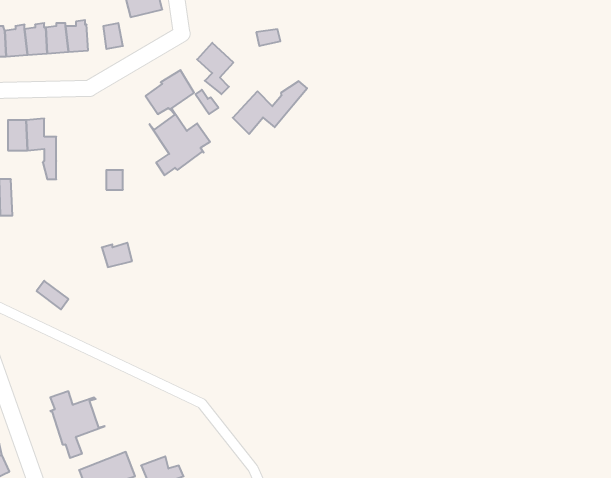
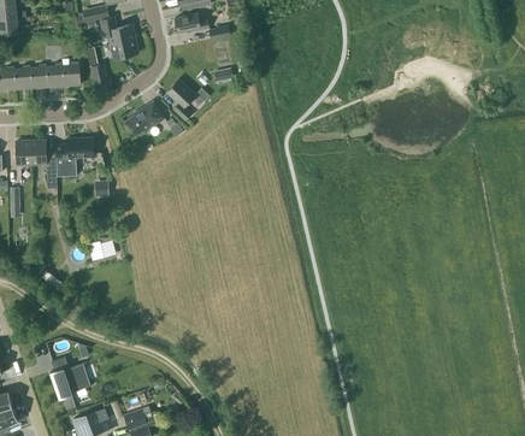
building: [233,81,307,134] -> none
building: [150,109,210,175] -> none
building: none -> [55,139,93,176]

